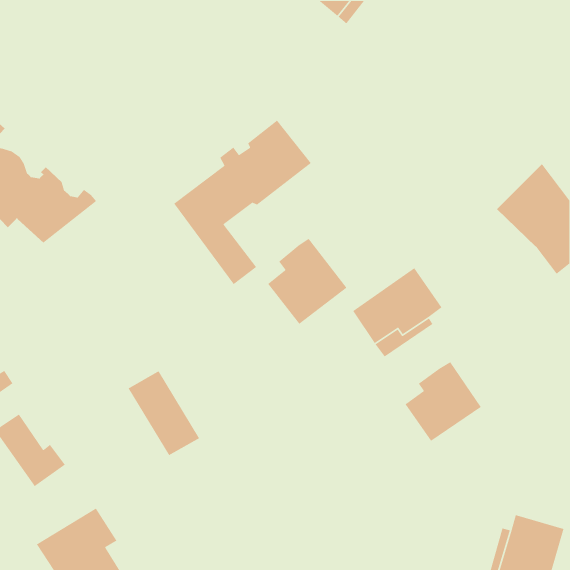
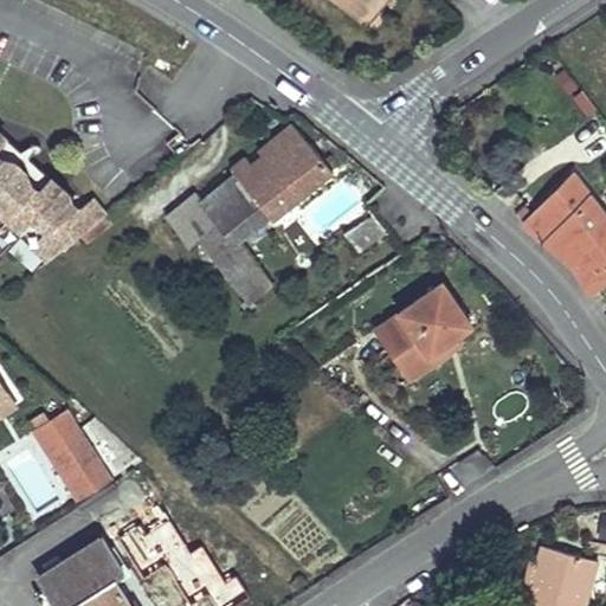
building: [267,238,348,325] -> none
building: [404,361,482,442] -> none
building: [127,370,200,456] -> [34,412,111,503]

